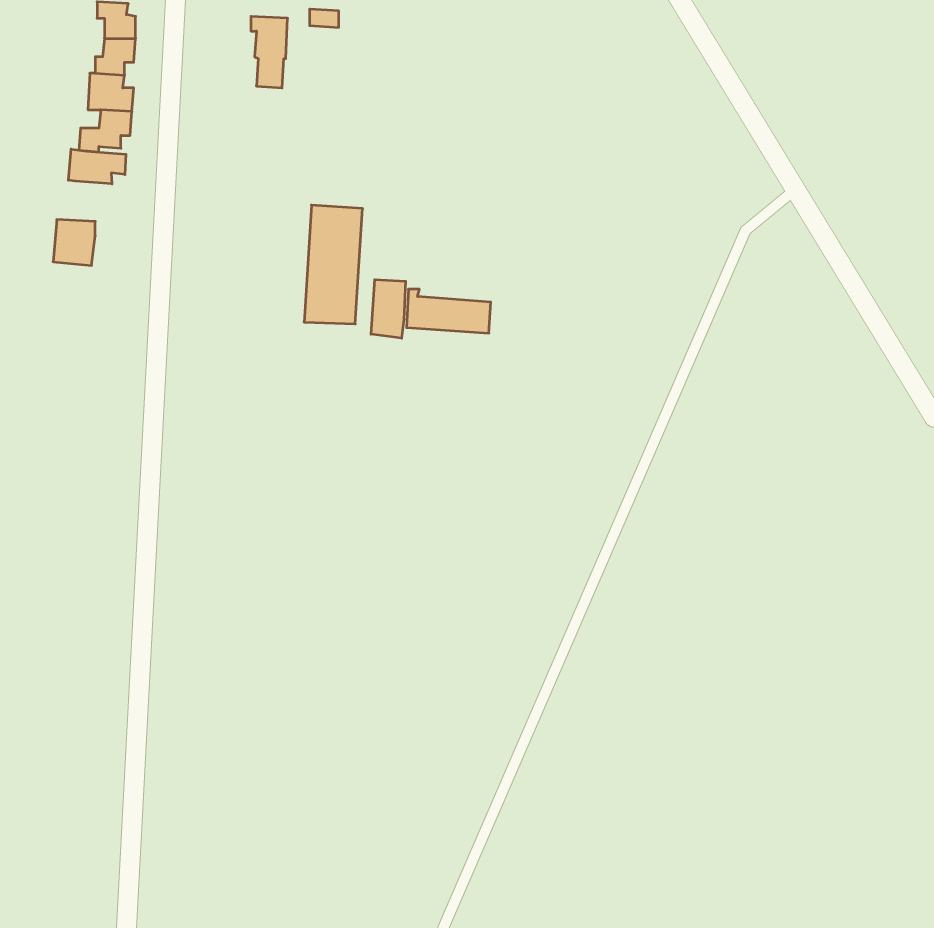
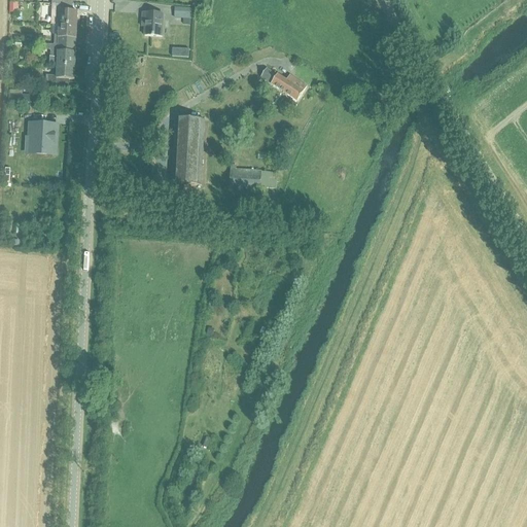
building: none -> [259,65,306,98]
building: [68,149,126,184] -> none
building: [371,280,406,338] -> none

